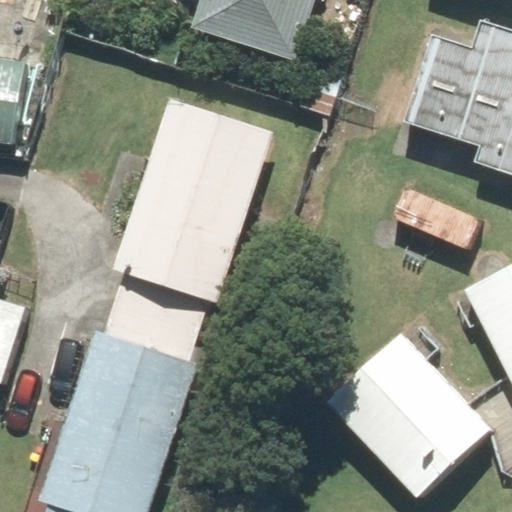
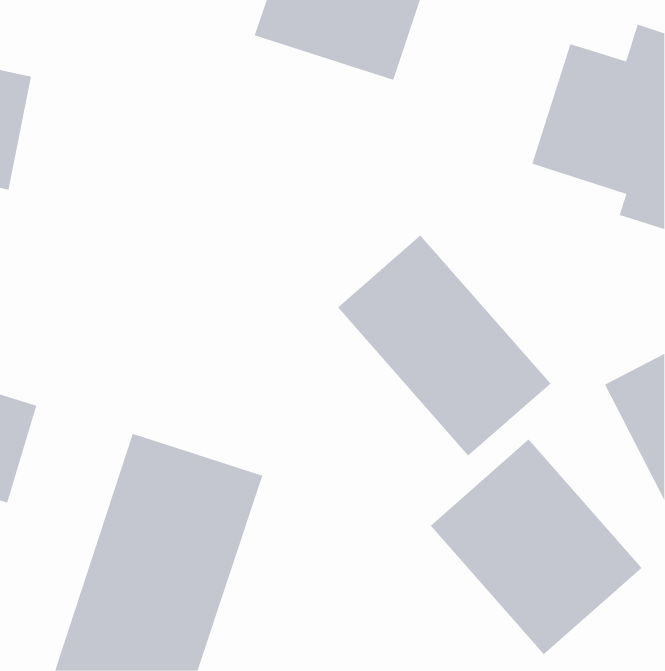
building: [119,91,279,304] -> none
building: none -> [337,234,551,456]

